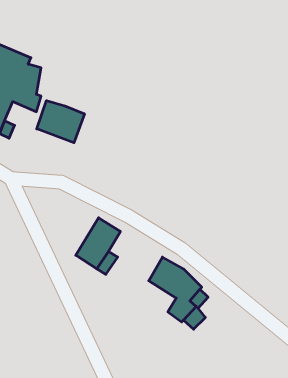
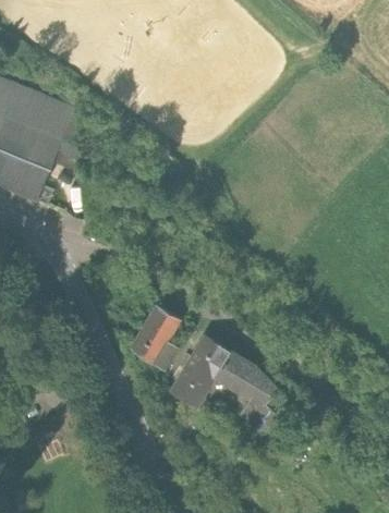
building: [37,101,84,143] -> none
building: none -> [168,332,231,408]

